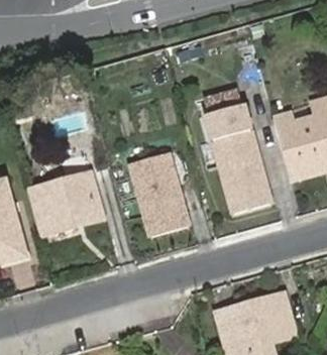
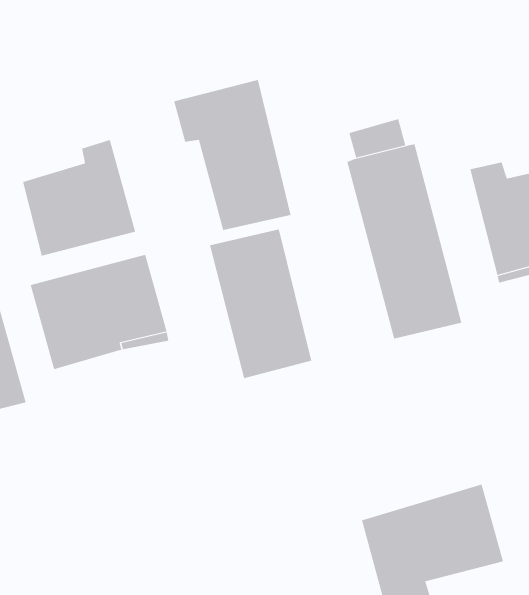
building: none -> [174,79,291,231]
building: none -> [23,139,136,256]

